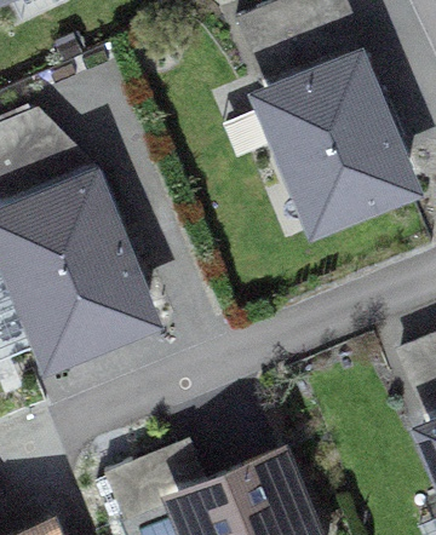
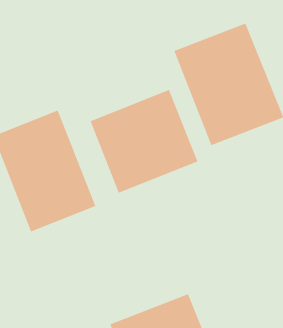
building: none -> [90,89,198,193]

